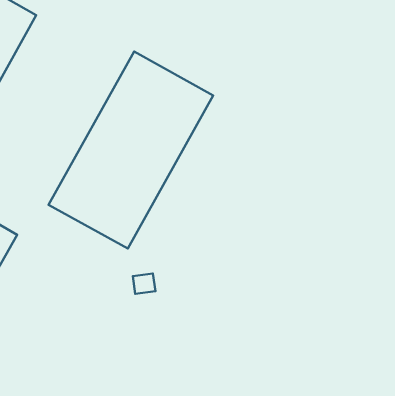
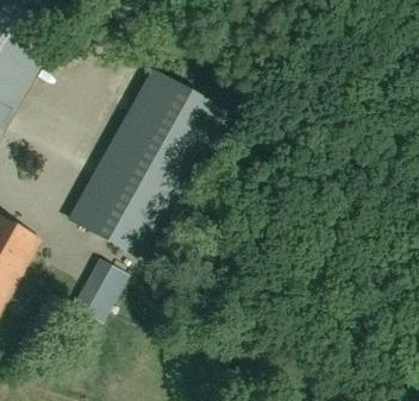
building: none -> [70,257,125,322]

